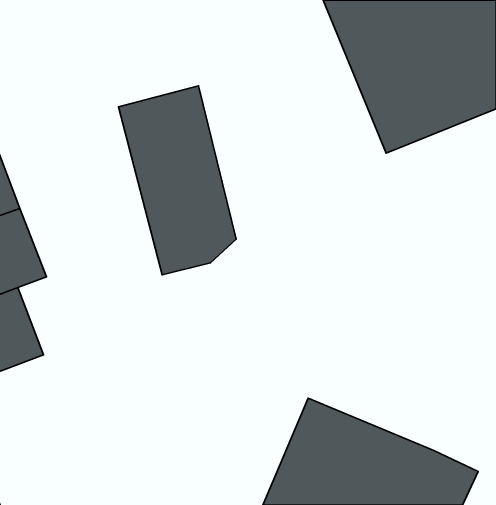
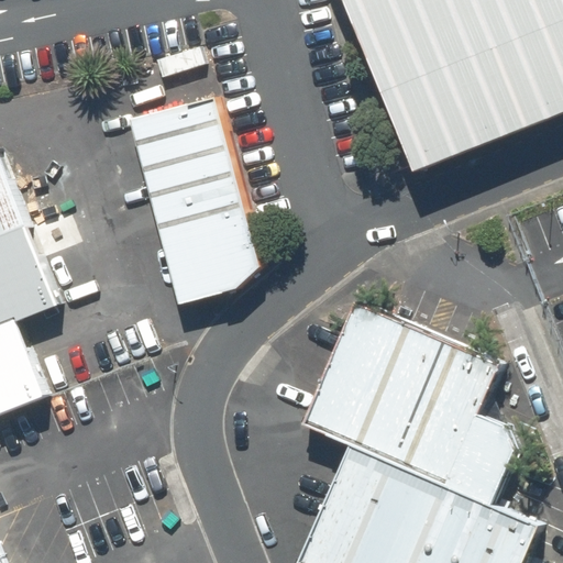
building: none -> [298,303,515,501]

